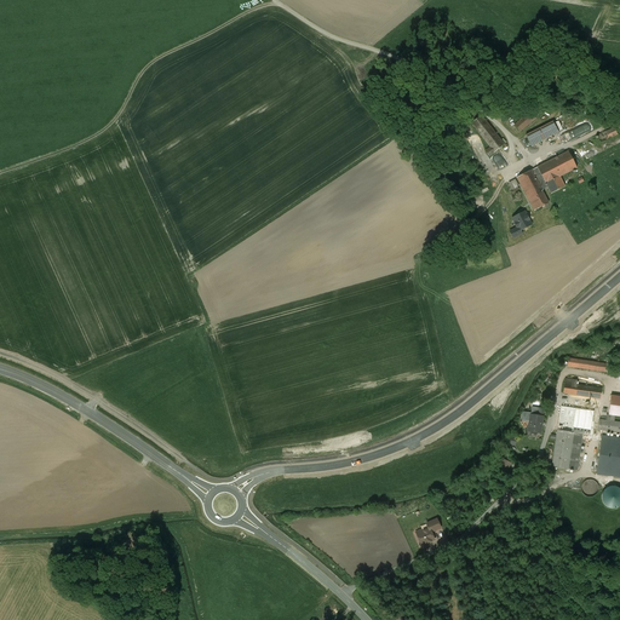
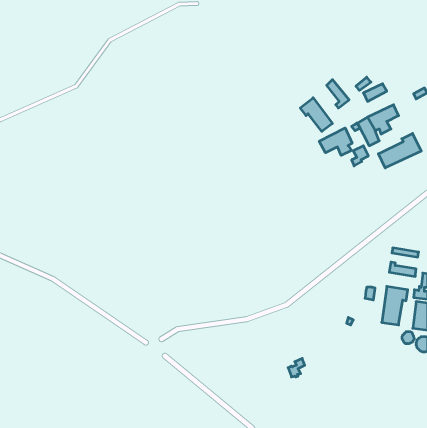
building: none -> [300,98,332,131]
building: none -> [319,128,352,155]
building: none -> [378,133,421,168]

